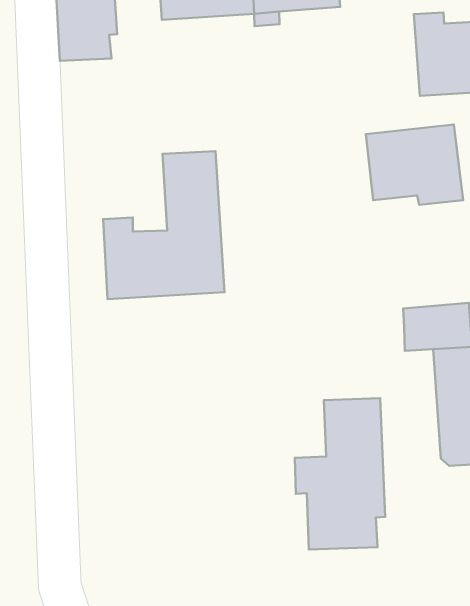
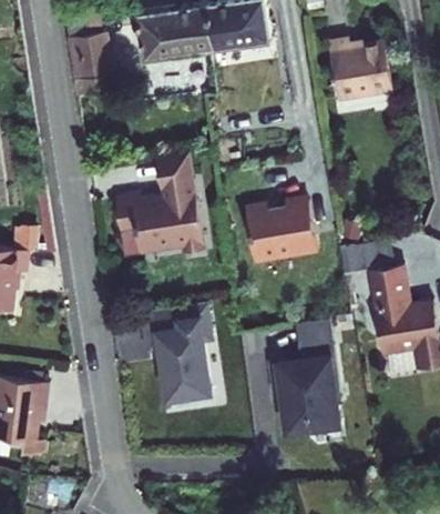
building: [366,124,463,205] -> [246,198,320,258]
building: none -> [144,305,213,400]

